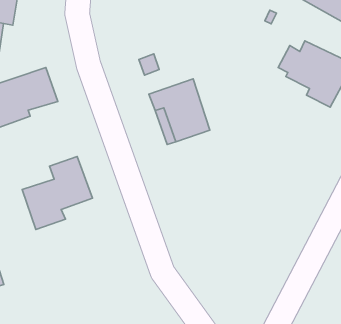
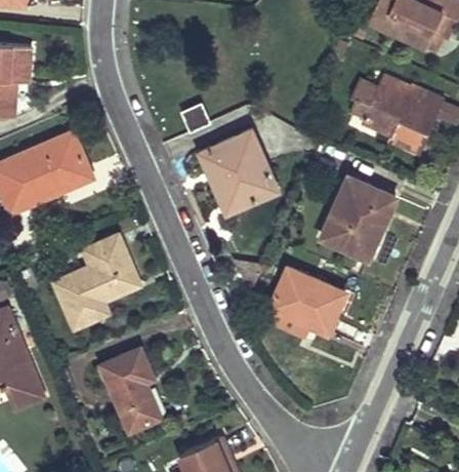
building: none -> [323,176,398,259]
building: none -> [266,269,347,342]
building: none -> [102,349,163,432]

